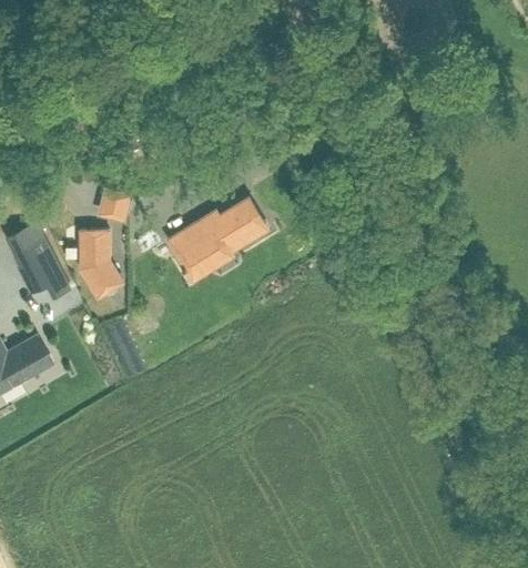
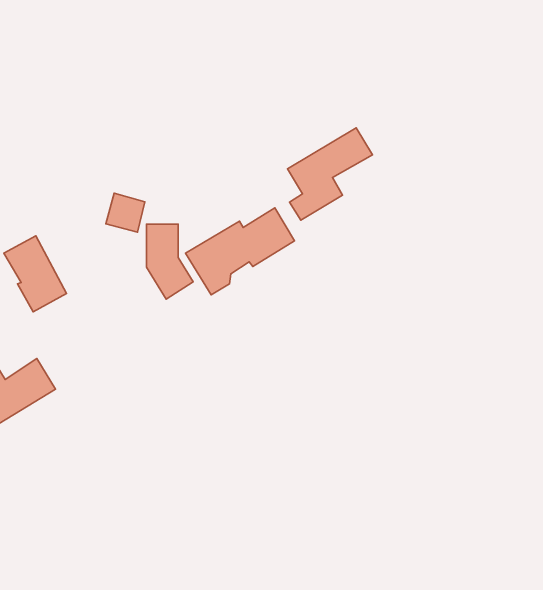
building: none -> [287,128,372,220]
building: [82,231,124,298] -> [146,224,193,299]

